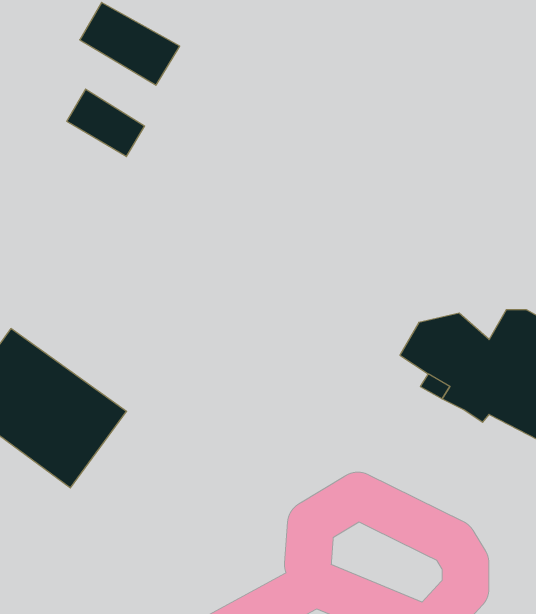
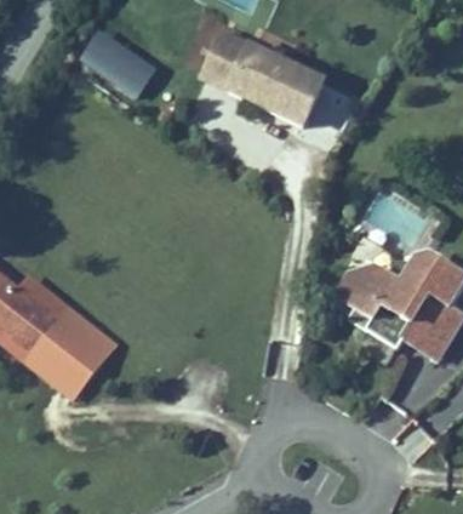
building: none -> [202,38,324,127]
building: [67,89,145,157] -> none

